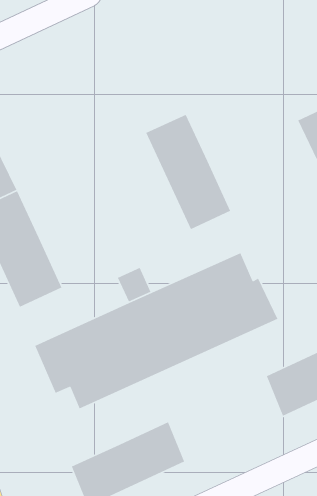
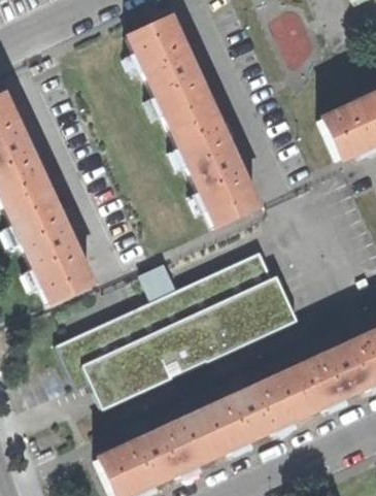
building: none -> [131,16,214,131]
building: none -> [197,370,309,455]

